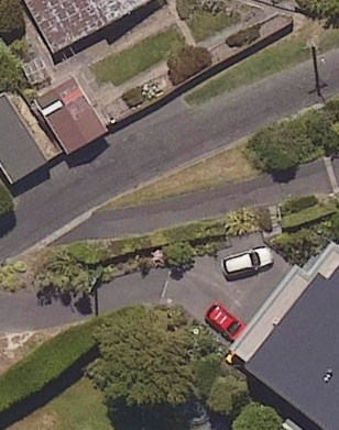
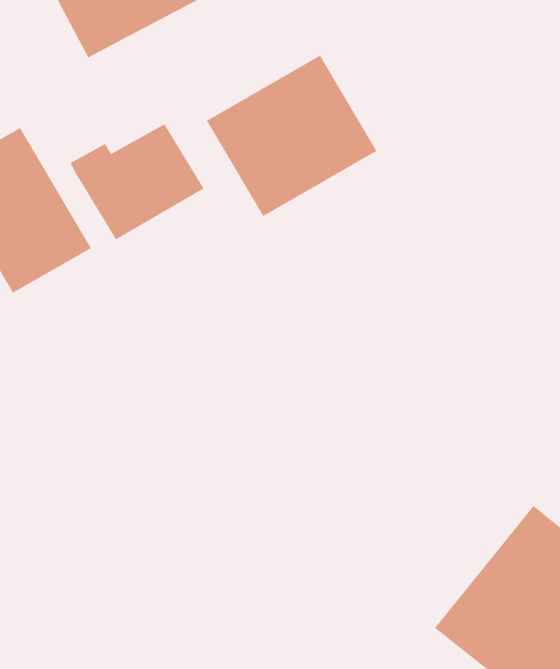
building: none -> [206,55,377,217]

